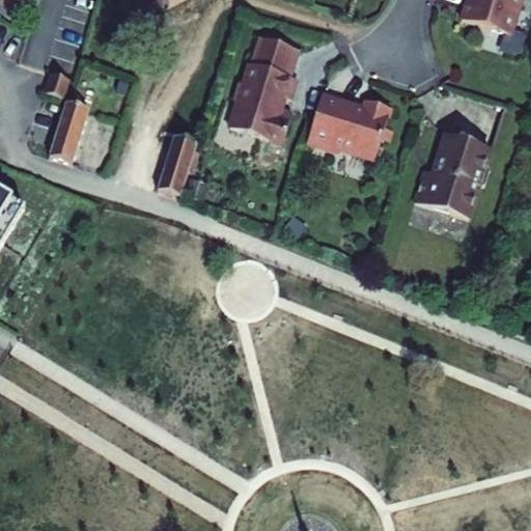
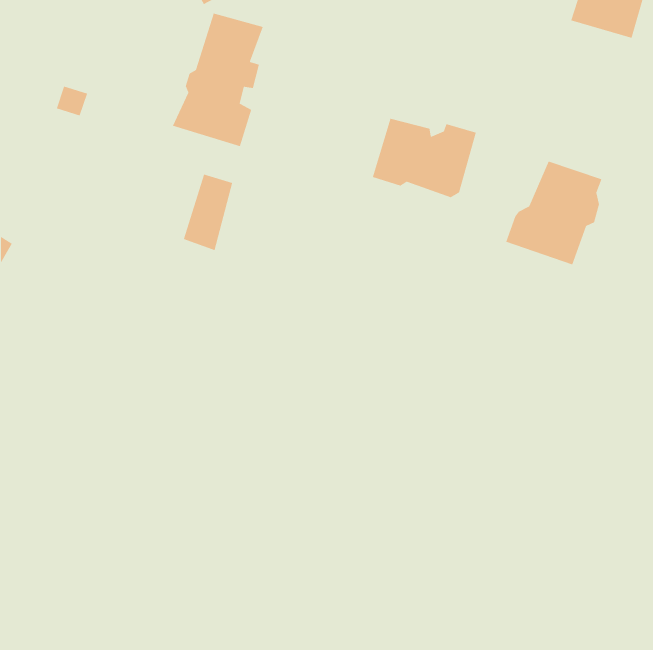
building: [224,36,298,144] -> [172,12,264,147]
building: [54,97,97,159] -> none

